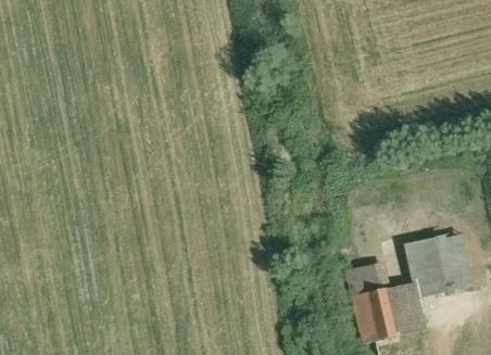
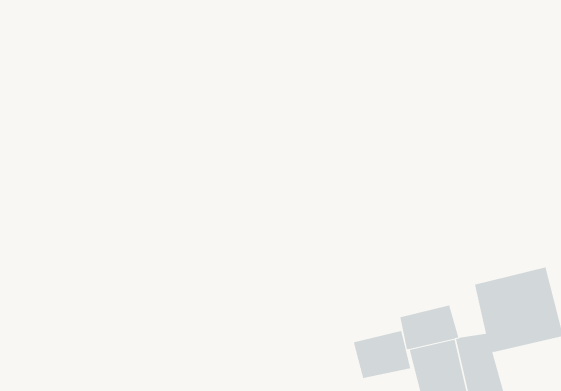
building: none -> [353,330,411,379]

